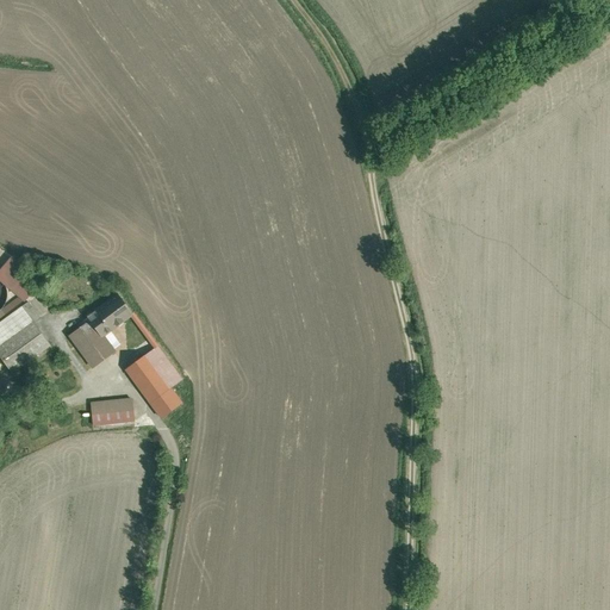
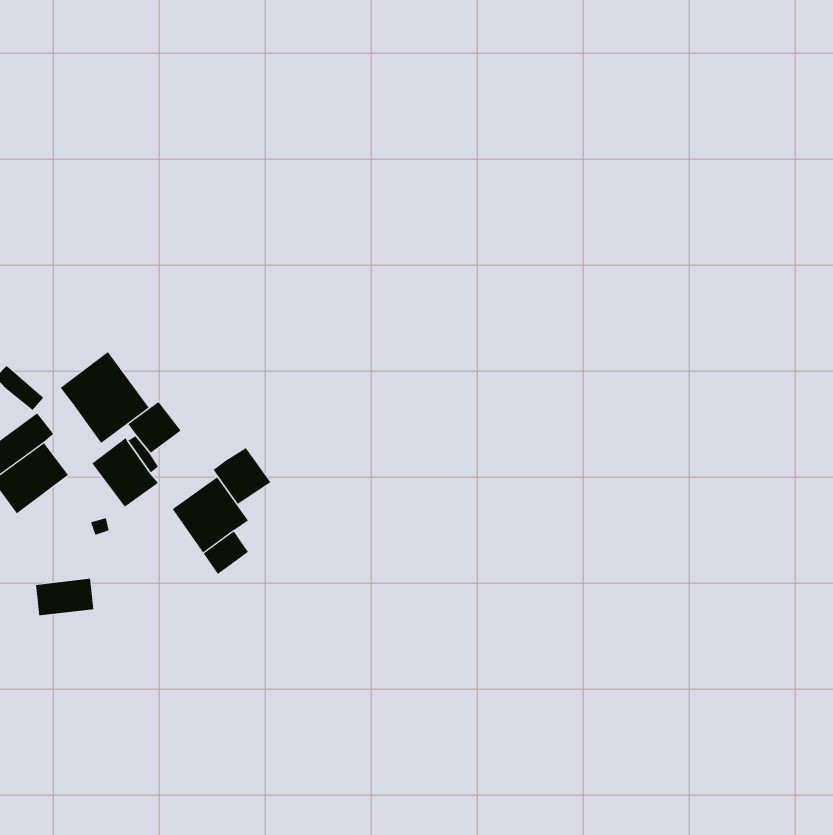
building: none -> [60,351,149,444]
building: none -> [213,447,271,505]
building: [89,398,132,425] -> [35,578,94,616]

